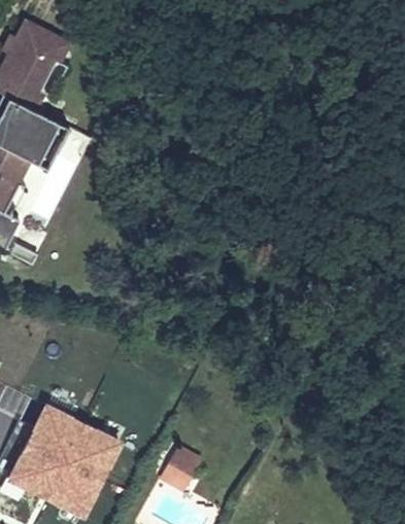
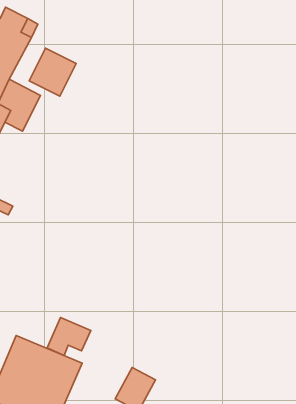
building: none -> [29,48,76,96]
building: none -> [47,318,91,355]

